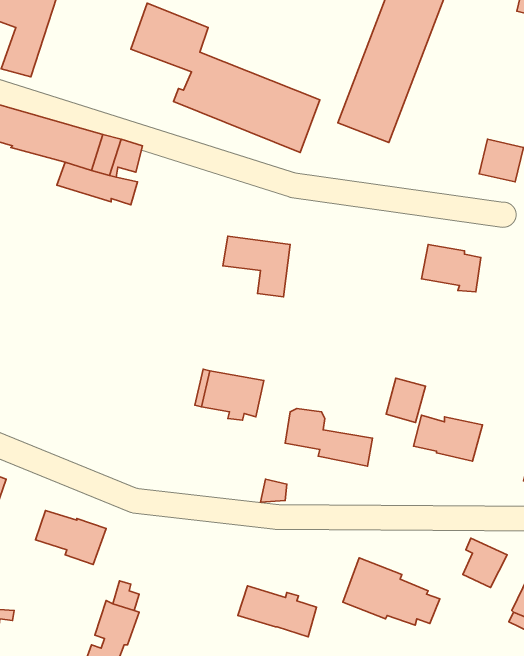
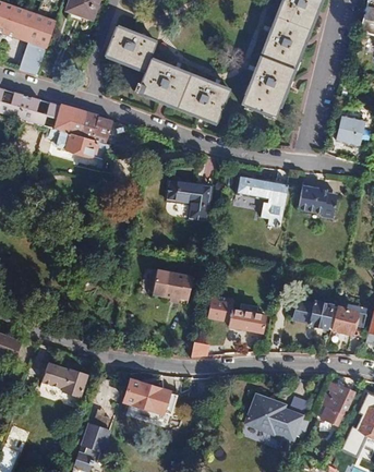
building: none -> [248,181,288,226]
building: [386,378,425,422] -> [331,305,358,335]
building: [238,586,317,637] -> [124,380,177,414]

